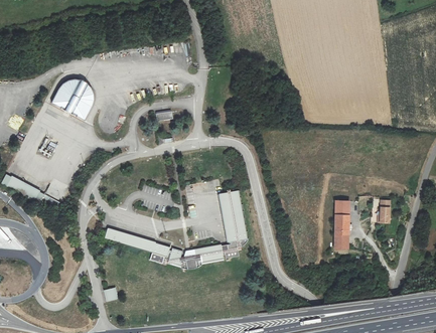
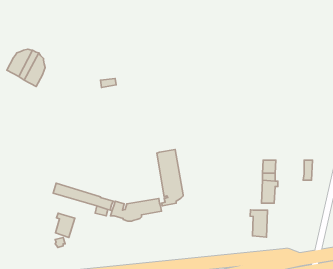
building: none -> [250,210,268,237]
building: none -> [55,213,75,237]

